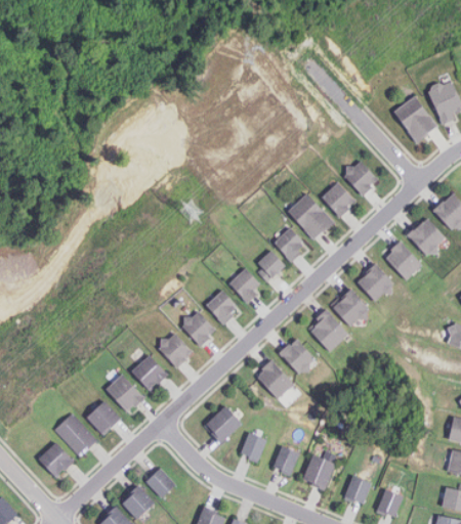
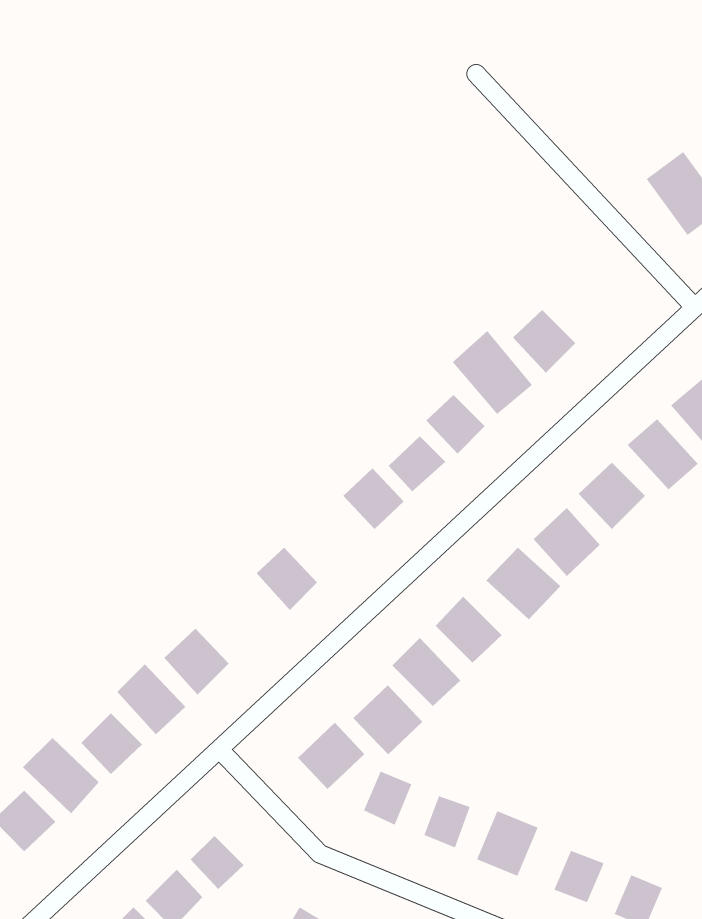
building: [343,160,378,194] -> none
building: [206,291,239,324] -> none
building: [158,333,192,367] -> none
building: none -> [353,685,423,755]

